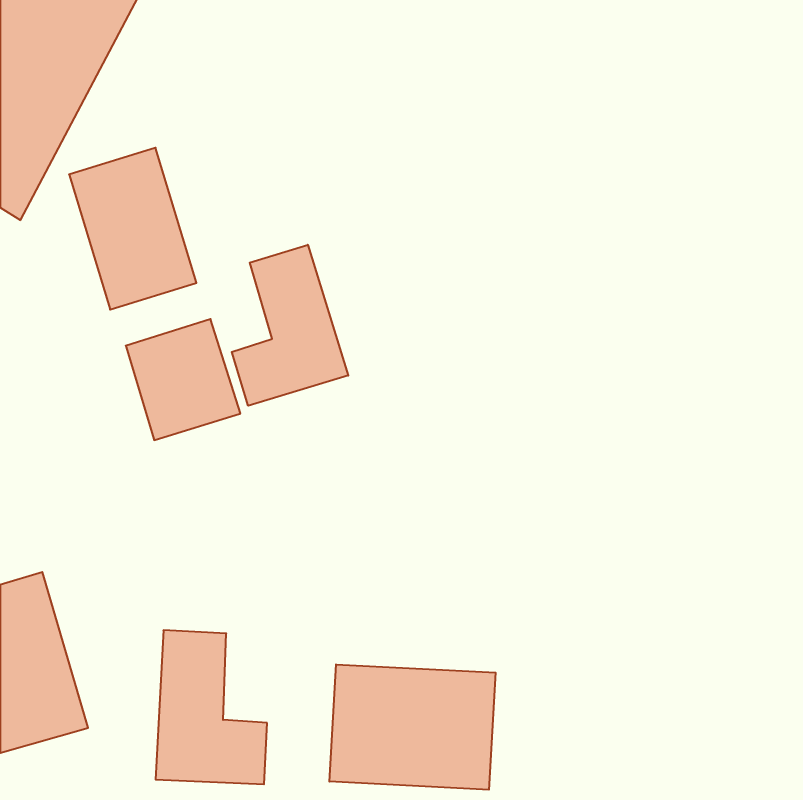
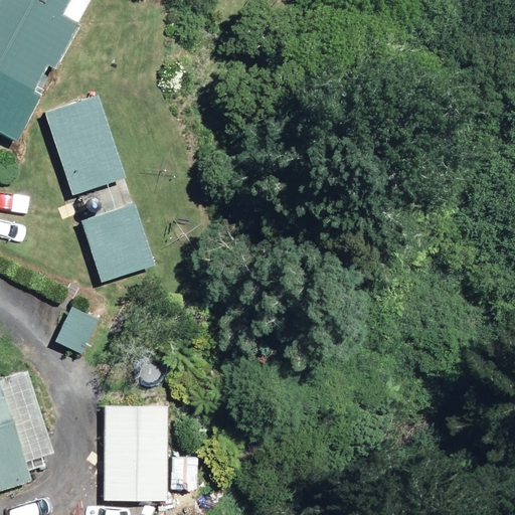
building: [232,245,348,406] -> none
building: [329,664,496,790] -> none

